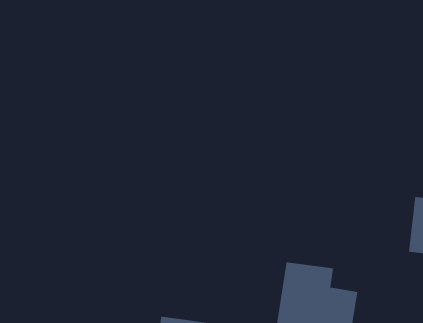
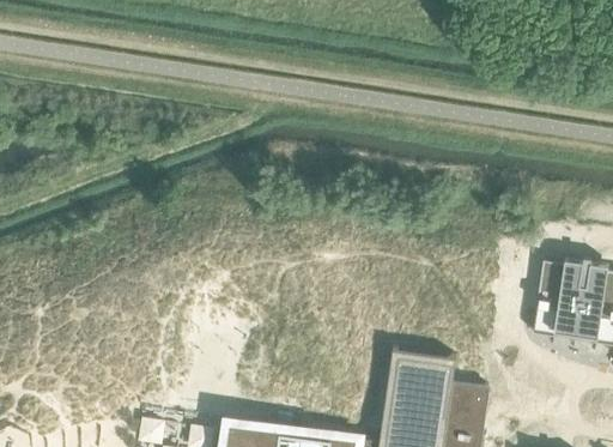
building: none -> [534,260,564,336]

